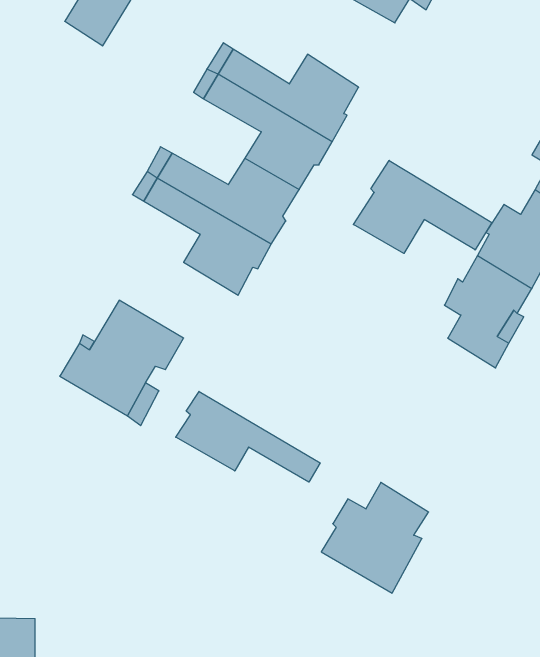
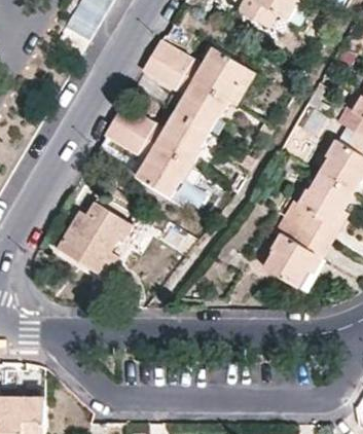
building: [353,160,492,253] -> none
building: [176,391,320,482] -> none
building: [321,482,429,593] -> [263,224,330,293]

